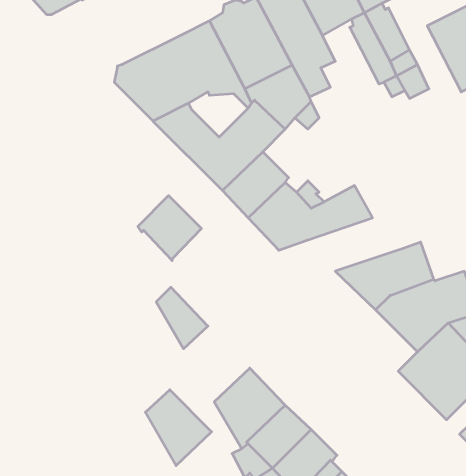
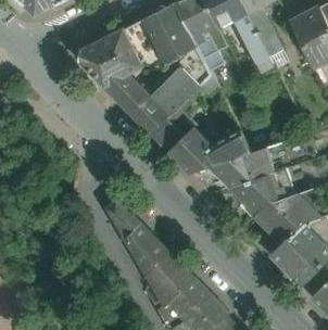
building: [138,196,201,261] -> none
building: none -> [207,148,273,188]
building: [145,390,212,466] -> [125,225,169,276]

